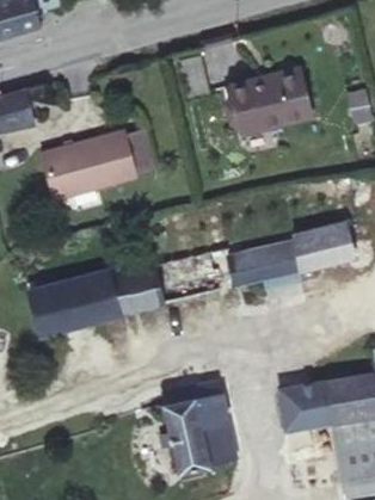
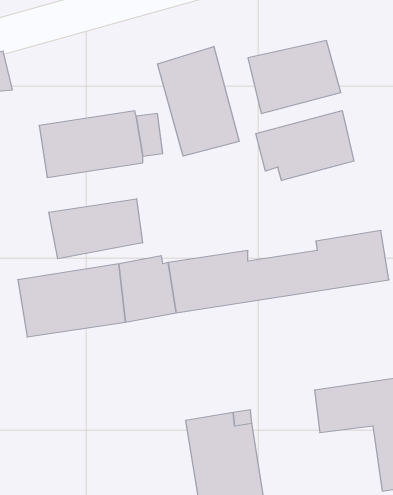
building: none -> [158,46,239,156]
building: none -> [256,111,354,181]
building: none -> [49,199,143,259]

